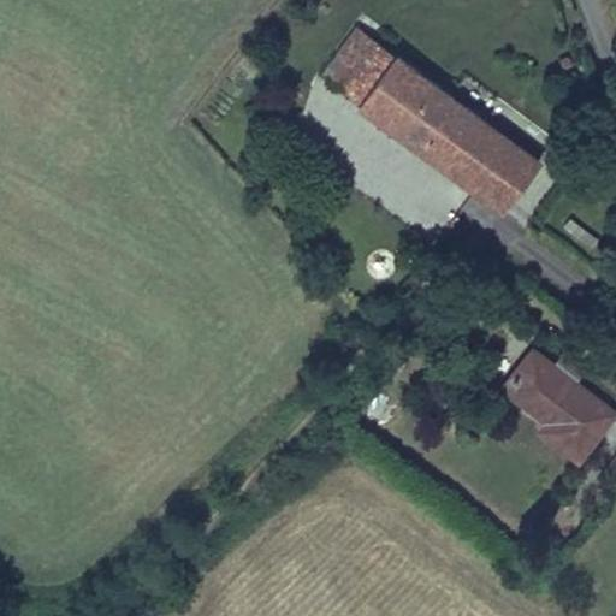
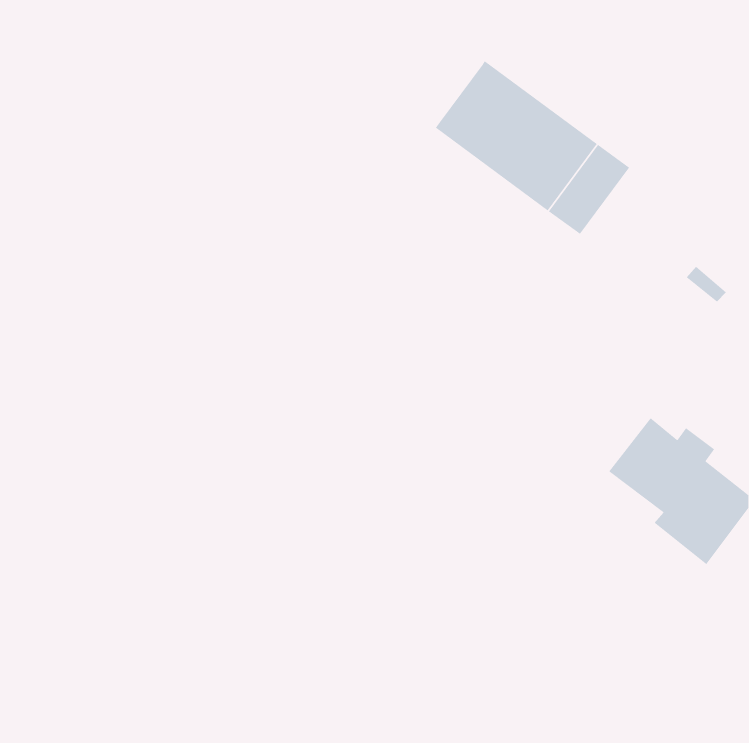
building: [320,29,395,106] -> none
building: [475,143,543,218] -> none

